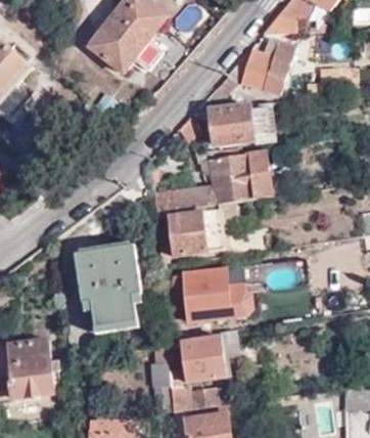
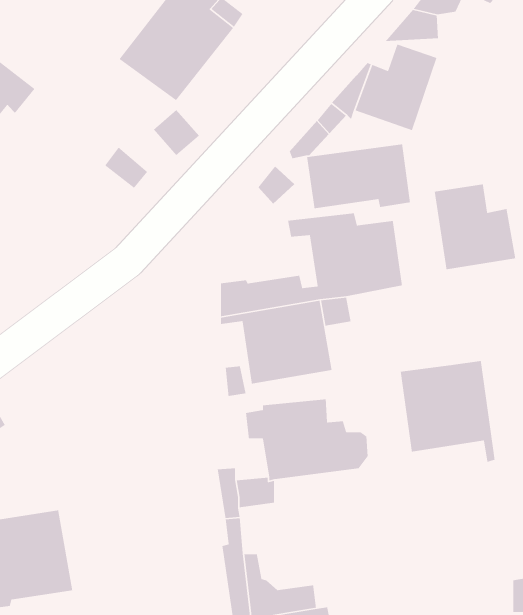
building: none -> [434,183,516,270]
building: none -> [400,360,496,463]
building: [73,245,143,328] -> none
building: [180,334,245,382] -> none

